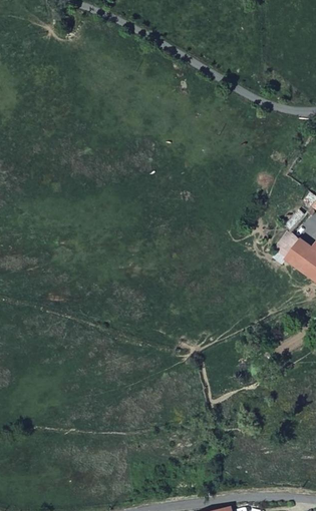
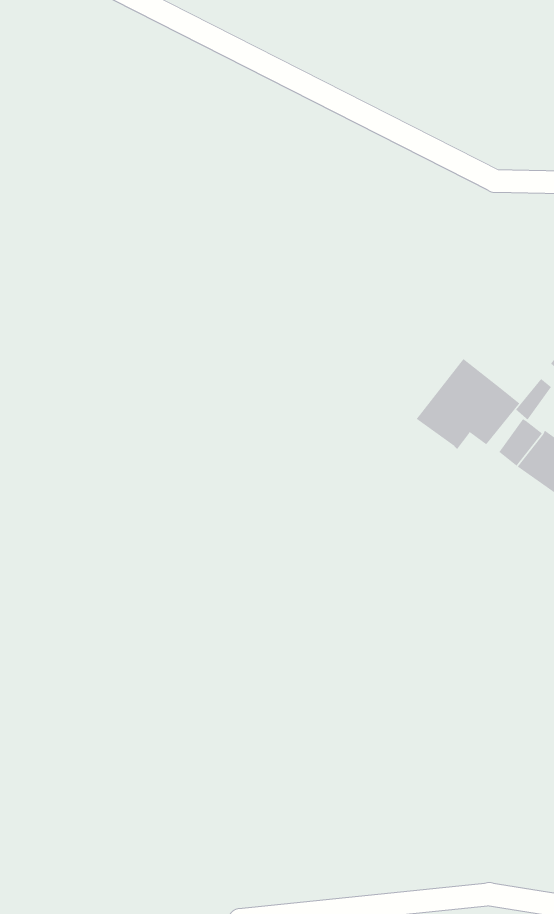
building: none -> [416,358,520,450]

